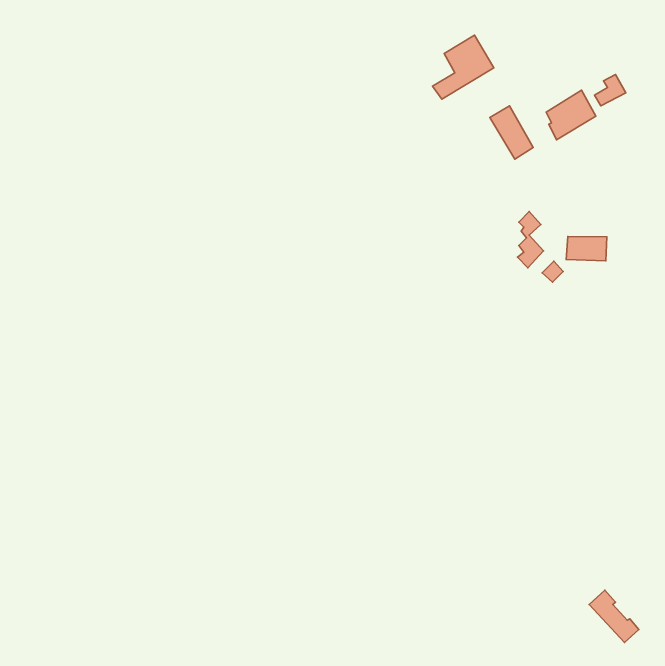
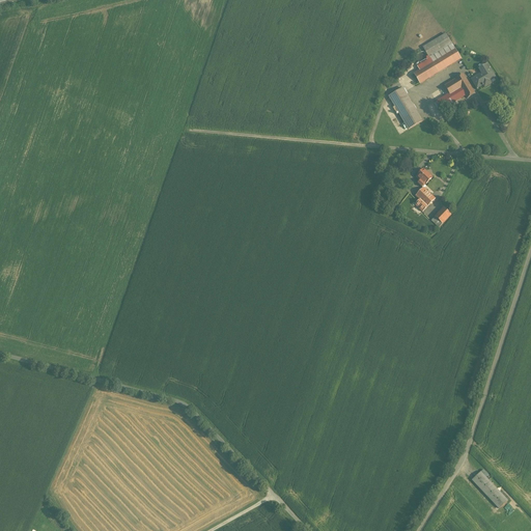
building: [433,35,494,99] -> [414,30,463,81]
building: [566,237,607,261] -> none

